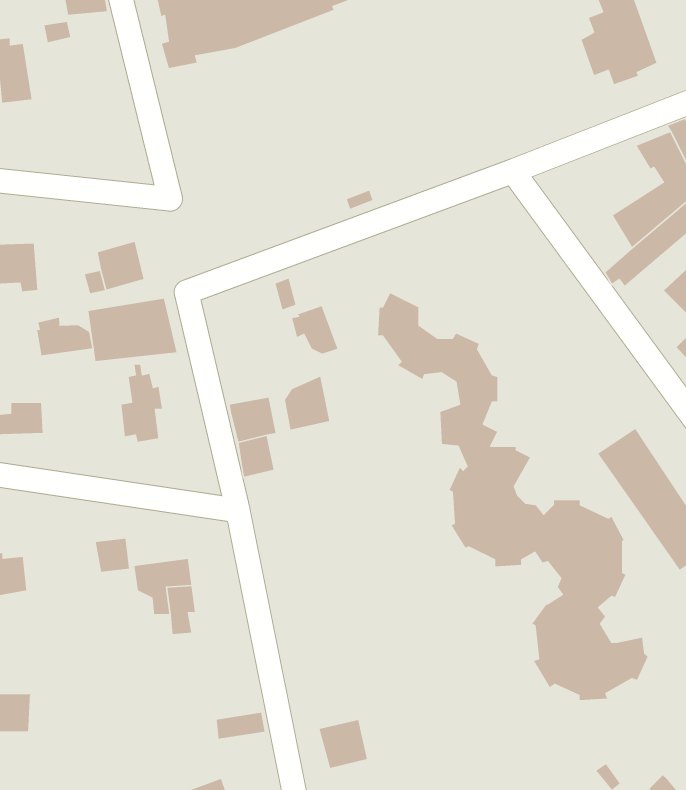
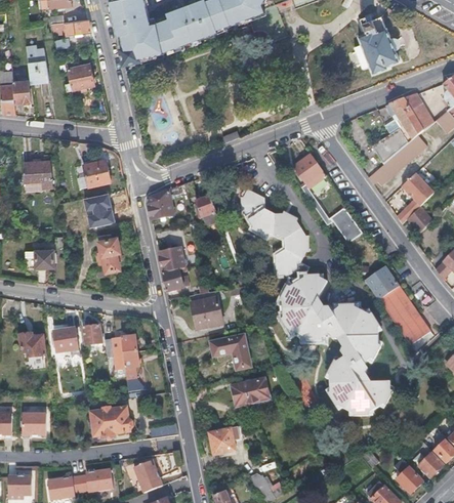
building: none -> [66,62,93,90]
building: none -> [295,154,363,242]
building: [36,317,93,356] -> none
building: [284,376,330,431] -> [148,188,173,219]
building: none -> [191,296,222,329]
building: none -> [54,328,79,352]
building: none -> [210,334,250,369]
building: none -> [232,377,271,406]
building: none -> [91,406,134,437]

